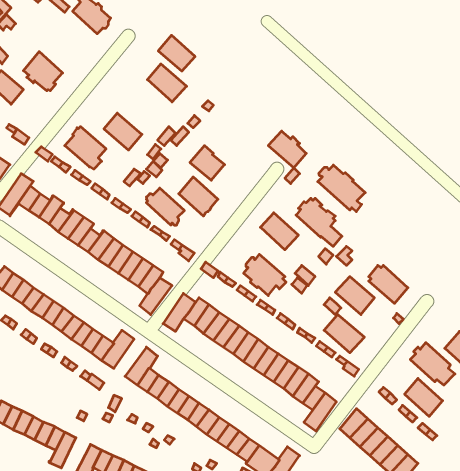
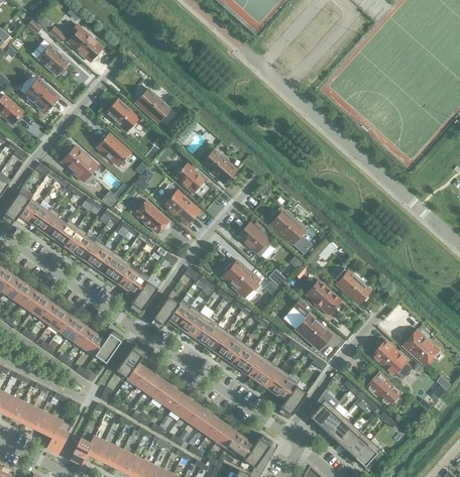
building: none -> [37,45,68,76]
building: [158,35,195,71] -> [105,99,138,131]
building: [268,131,306,168] -> [201,150,235,184]
building: [318,165,365,212] -> none

